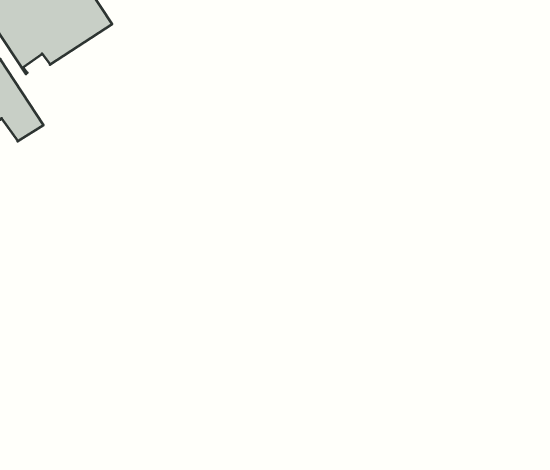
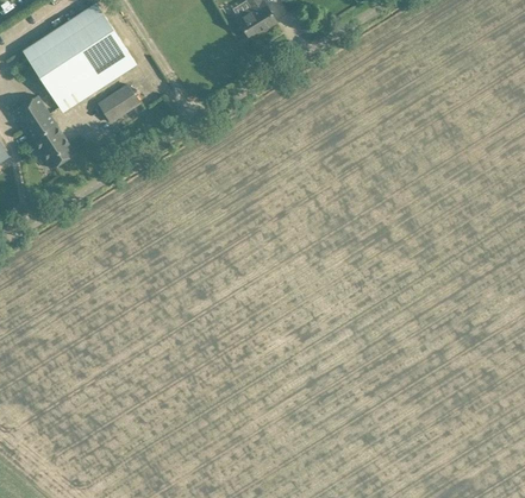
building: none -> [99,86,139,122]

